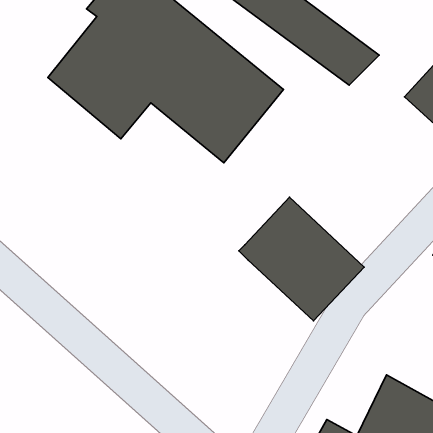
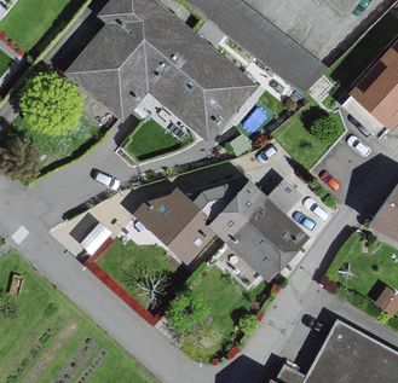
building: none -> [140,178,219,259]

